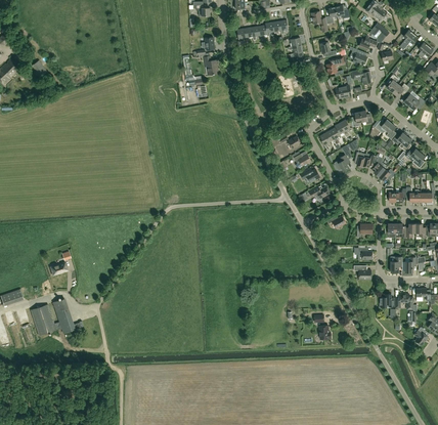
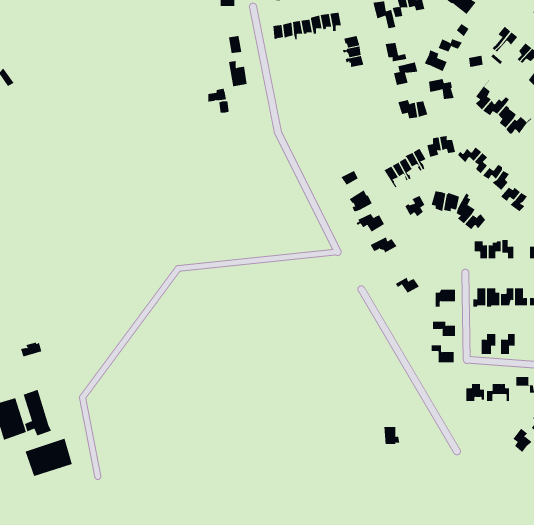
building: none -> [25,438,73,477]

